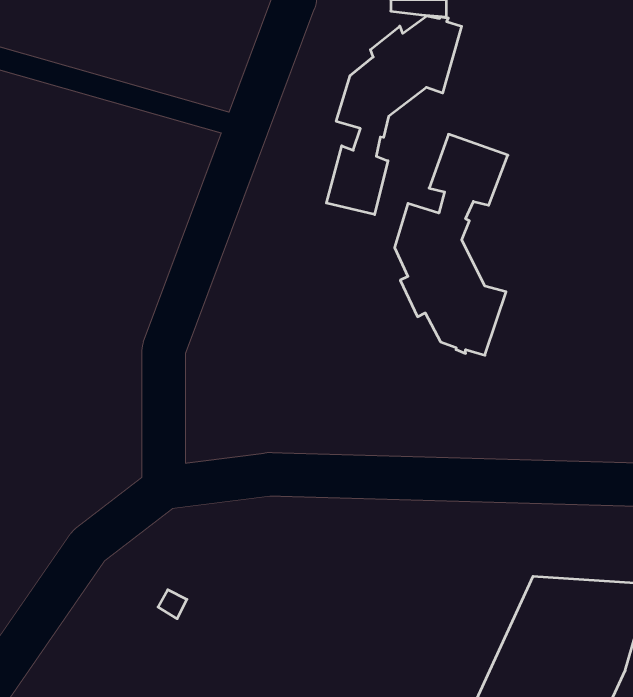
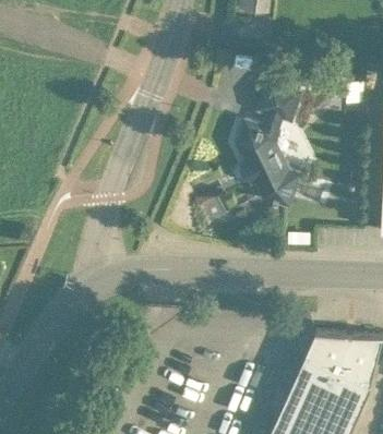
building: [326,16,462,215] -> none

